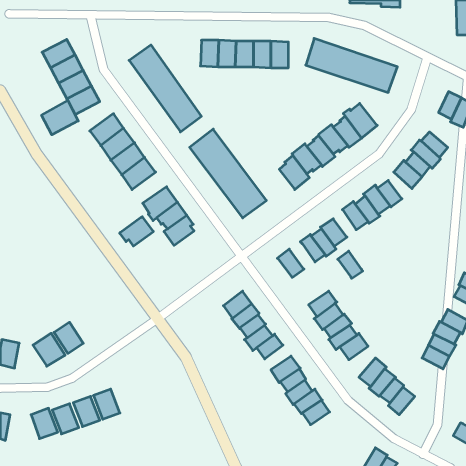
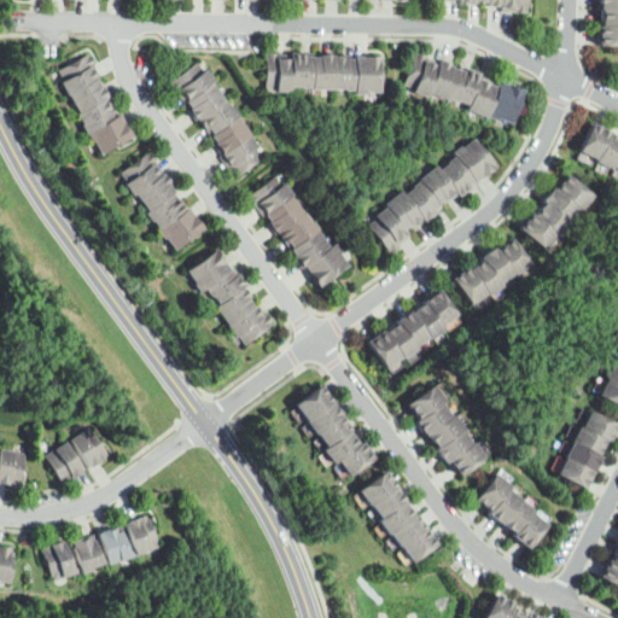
building: [42,101,78,135] -> none
building: [120,217,153,246] -> [231,305,275,344]
building: [338,251,363,278] -> [386,323,419,360]

